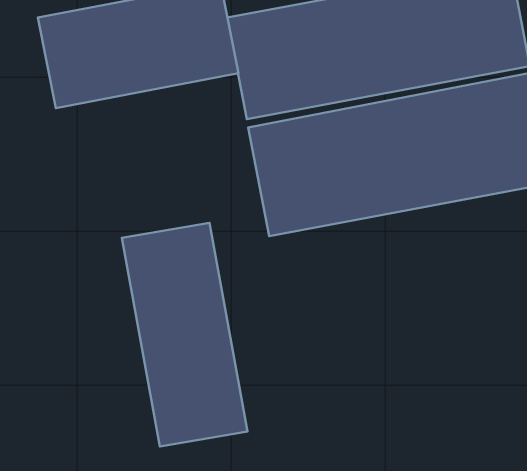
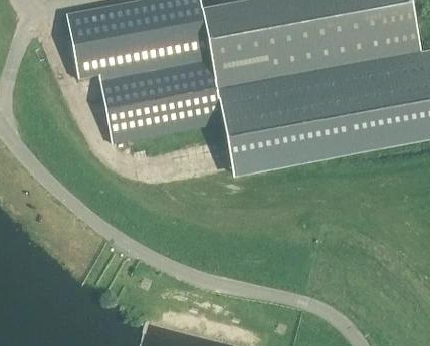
building: none -> [100,56,223,141]
building: [122,223,248,447] -> none

